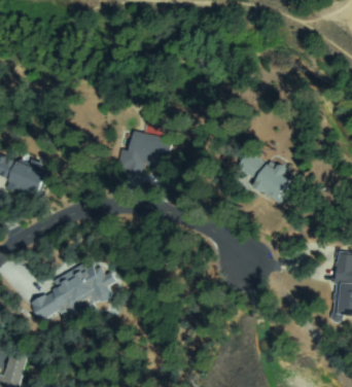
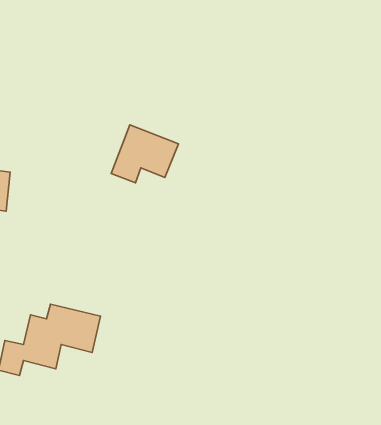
building: [238,153,291,200] -> none

